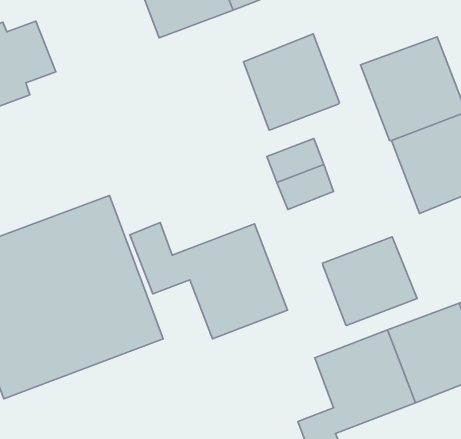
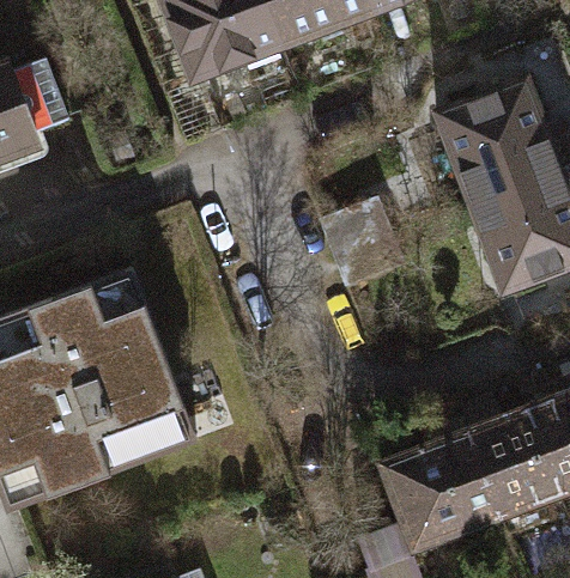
building: [243,34,339,130] -> none
building: [130,223,287,339] -> none
building: [322,237,417,325] -> none

